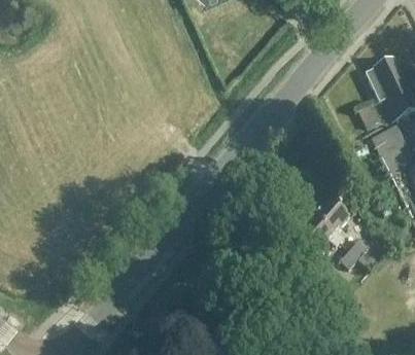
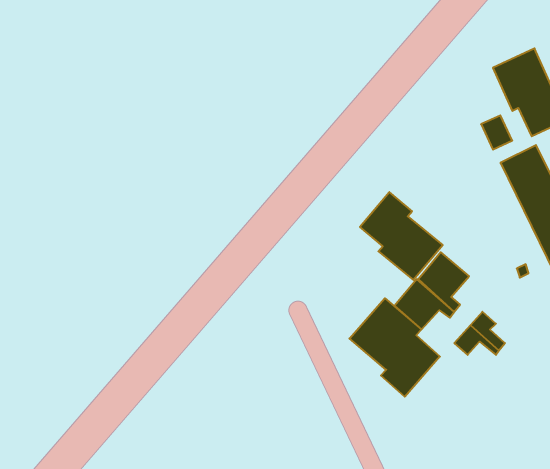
building: none -> [360,192,443,280]
building: none -> [349,298,440,397]

